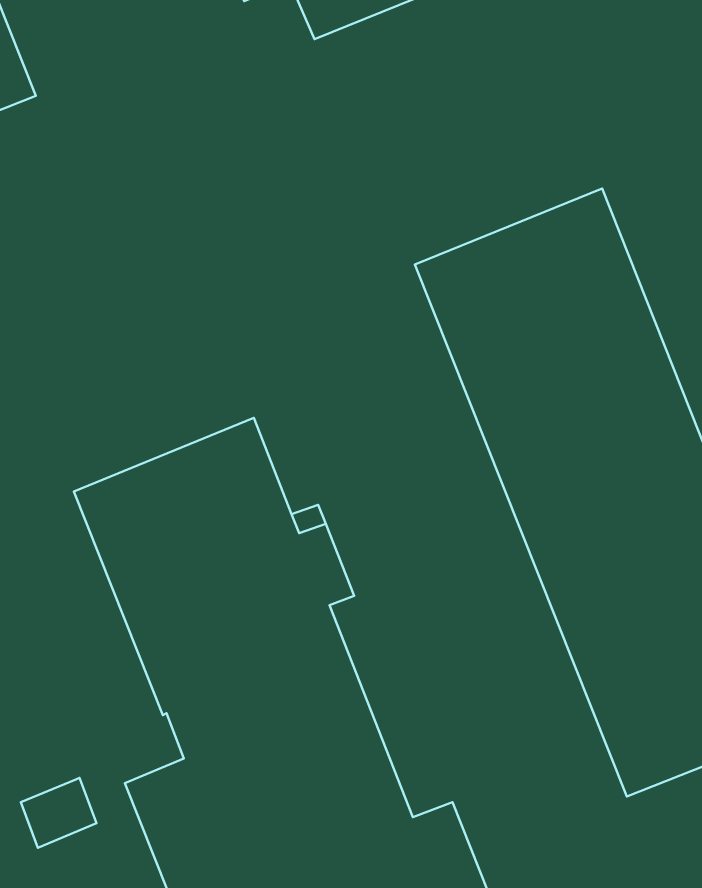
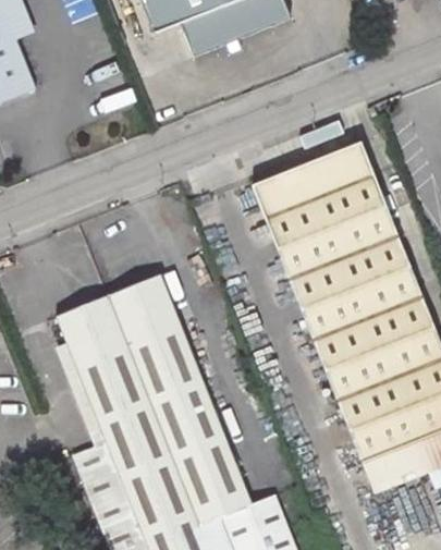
building: [21,778,97,848] -> [75,443,119,484]

